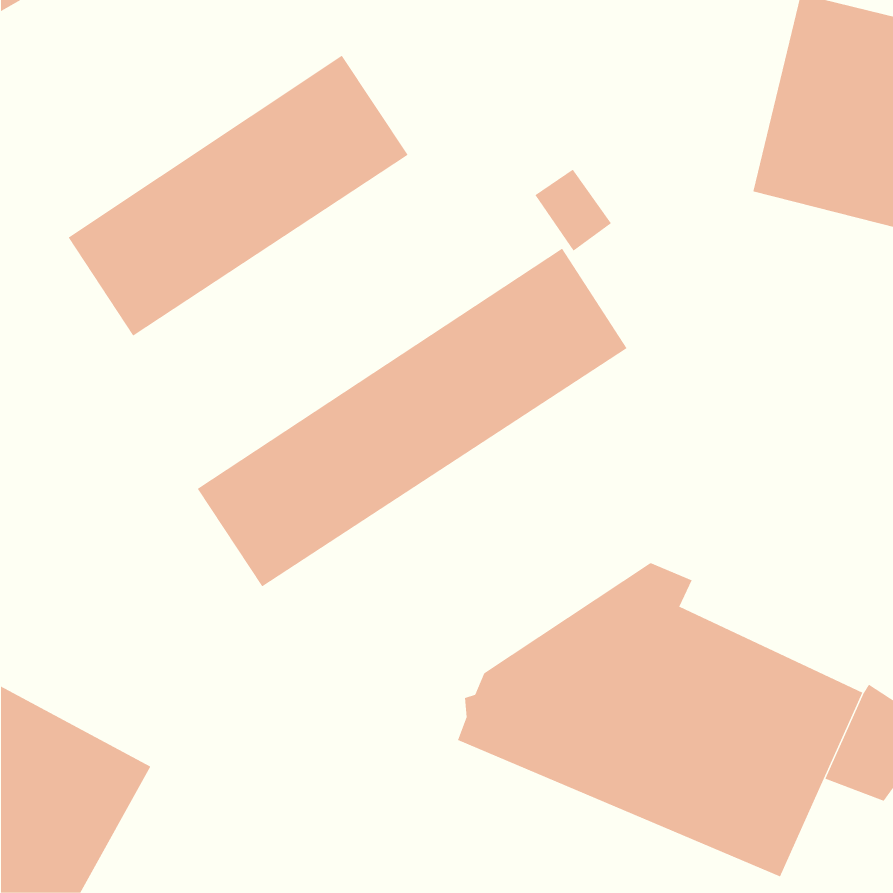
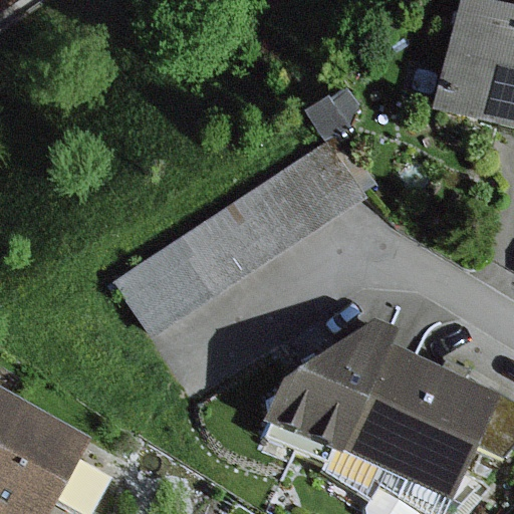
building: [68,55,409,337] -> none

